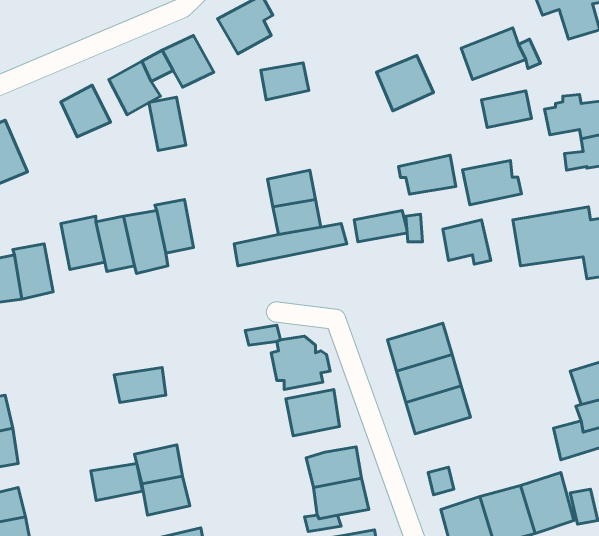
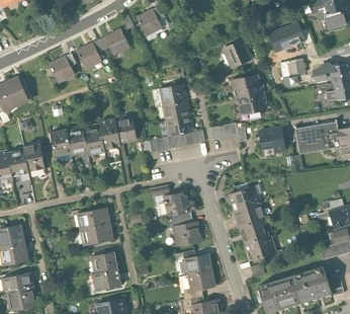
building: [261,63,309,100] -> [159,86,185,106]
building: [149,97,186,151] -> [116,114,137,144]
building: [462,161,521,205] -> [230,75,262,99]
building: none -> [243,237,278,263]
building: [91,464,142,500] -> [81,225,109,245]

